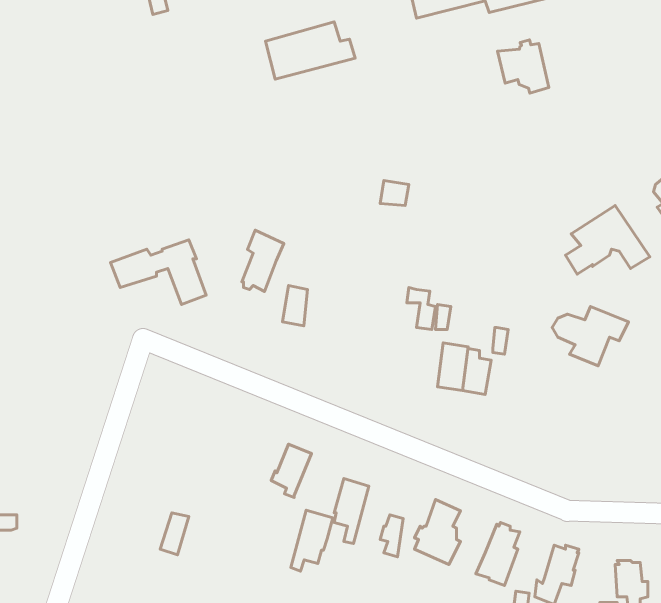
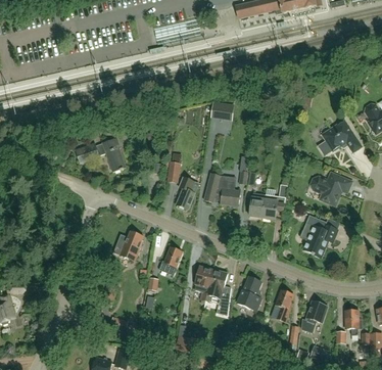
building: [498,40,549,93] -> none
building: [242,230,284,291] -> [176,177,198,210]
building: none -> [204,173,240,205]
building: none -> [300,218,340,258]
building: none -> [115,230,143,261]
building: [291,510,333,571] -> [204,269,227,302]

